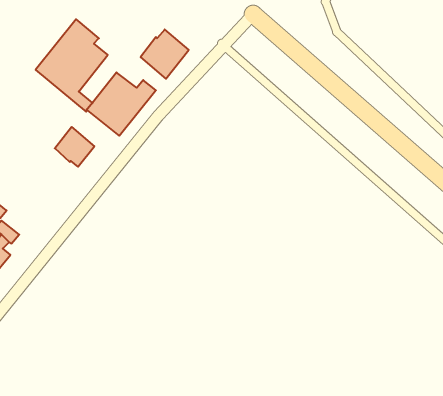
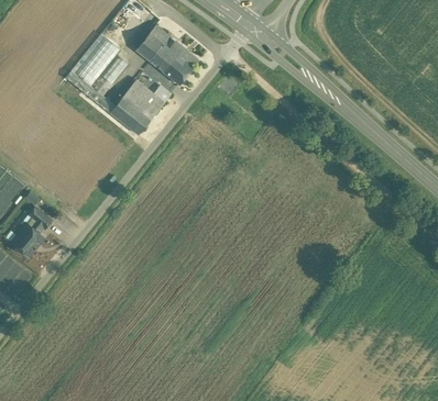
building: none -> [134,24,177,66]
building: [55,127,94,167] -> none

